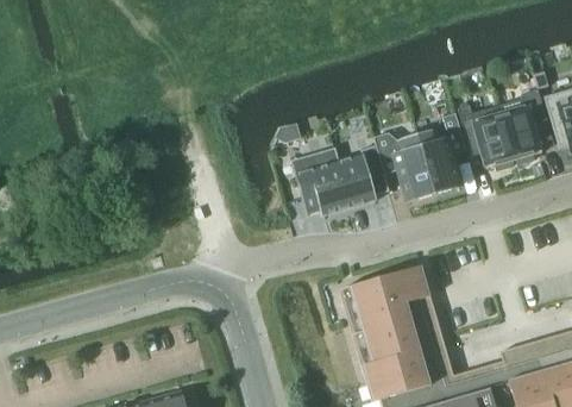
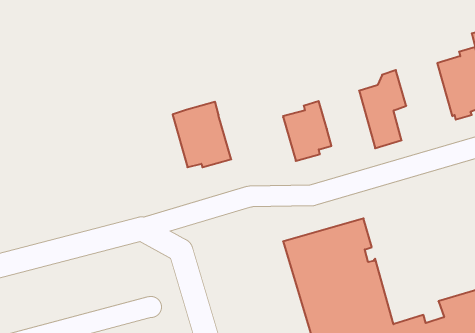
building: [458,105,514,170] -> none
building: [373,133,434,201] -> none
building: [291,148,352,215] -> [173,102,231,167]

